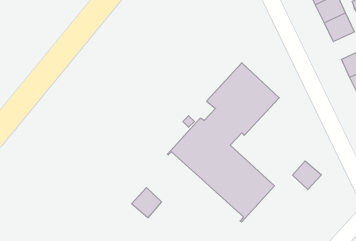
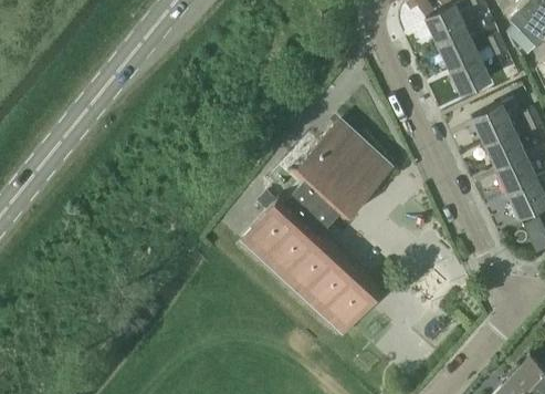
building: [293,161,321,190] -> none
building: [132,188,162,218] -> none

